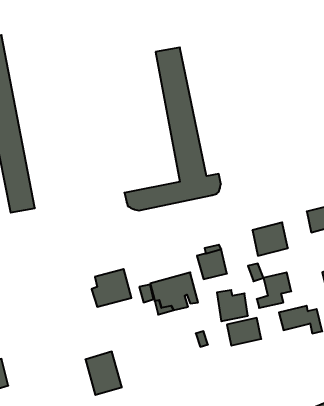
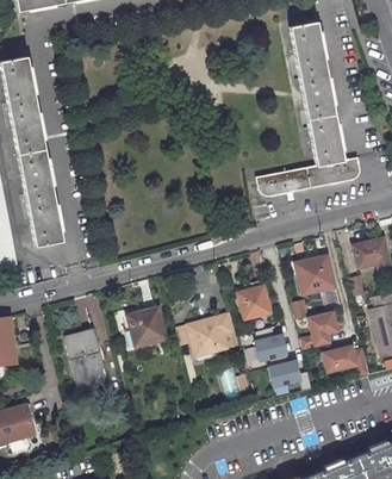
building: [124,47,221,211] -> [256,24,360,199]
building: [85,352,122,395] -> [67,335,106,381]

